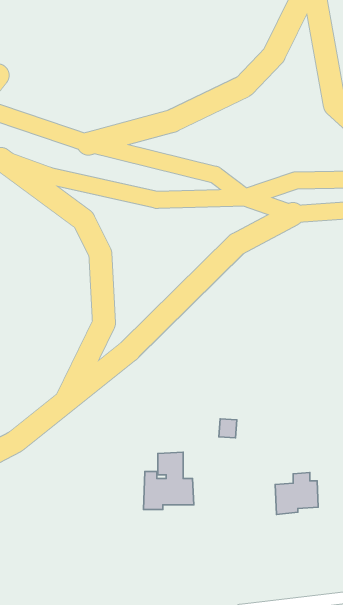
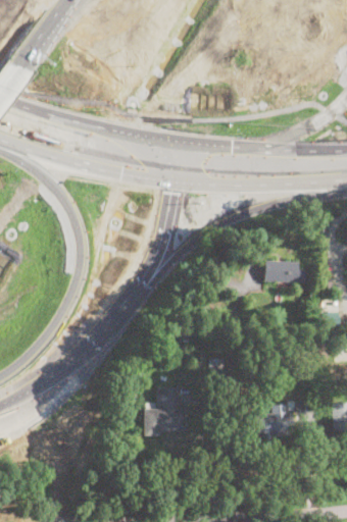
building: none -> [263,260,305,281]

